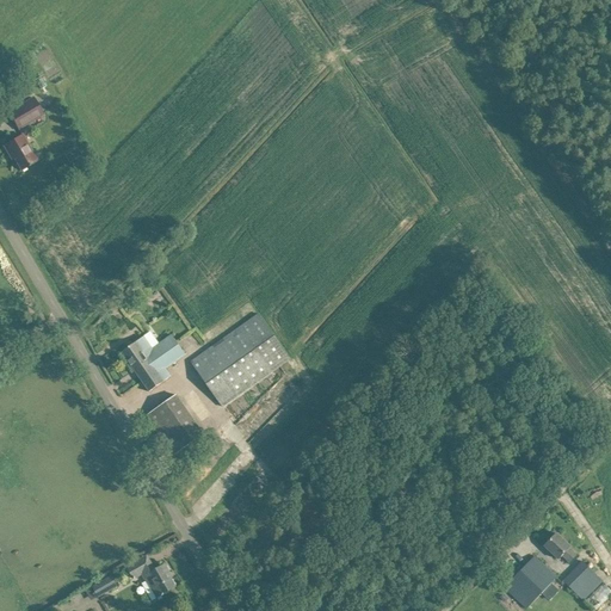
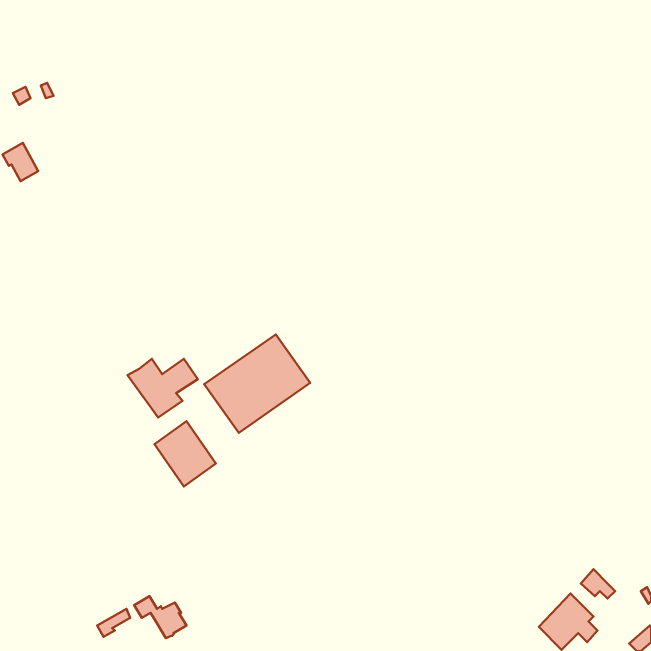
building: [7,97,41,128] -> none
building: [562,560,600,599] -> none

